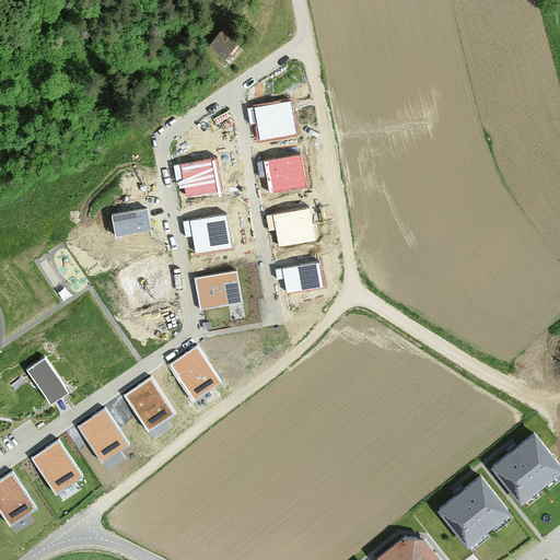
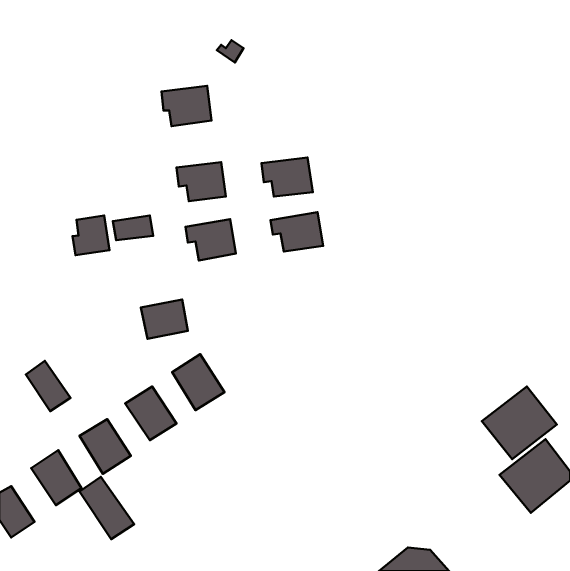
building: [246,101,295,140] -> [161,86,212,126]
building: none -> [73,215,109,255]
building: [273,261,323,293] -> none
building: [194,270,240,308] -> [141,300,188,339]
building: none -> [79,477,134,539]
building: [436,474,510,545] -> [482,387,557,459]

